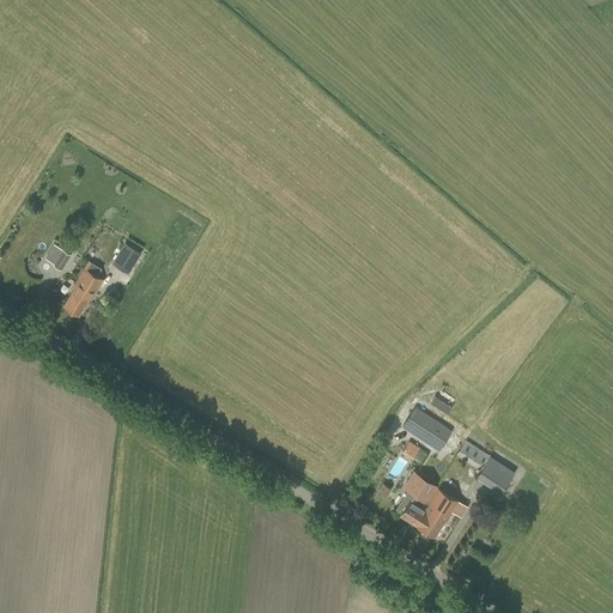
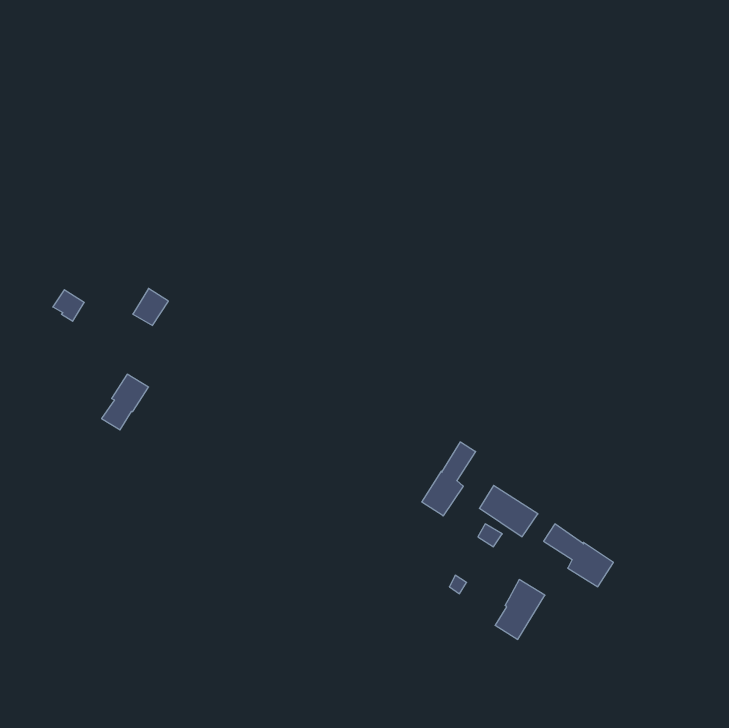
building: [63,269,103,316] -> [102,374,149,430]
building: none -> [422,442,476,516]
building: [397,475,436,526] -> none

